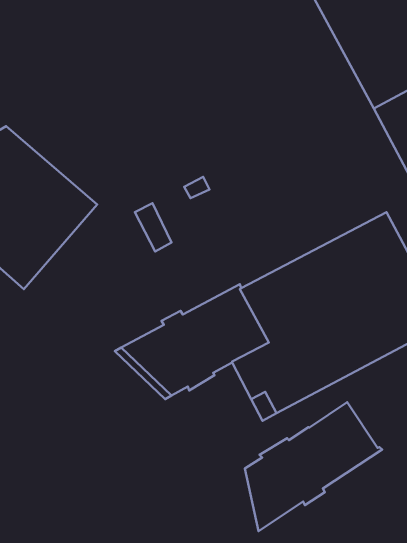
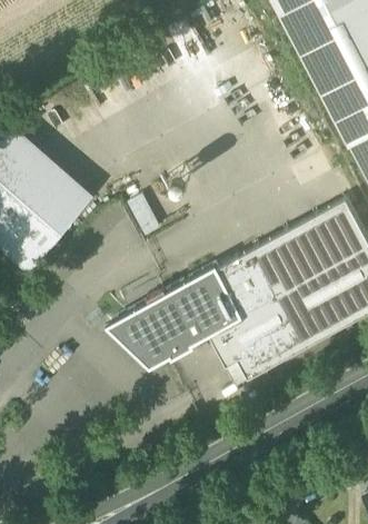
building: [245,402,382,531] -> none

